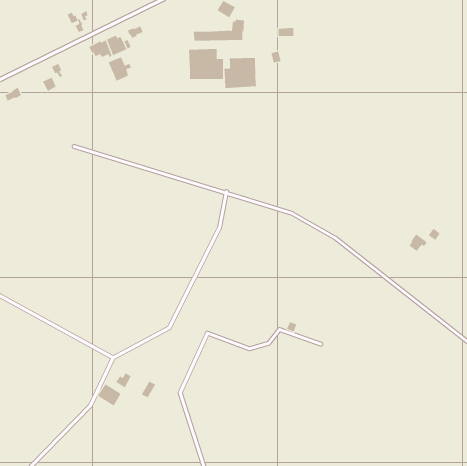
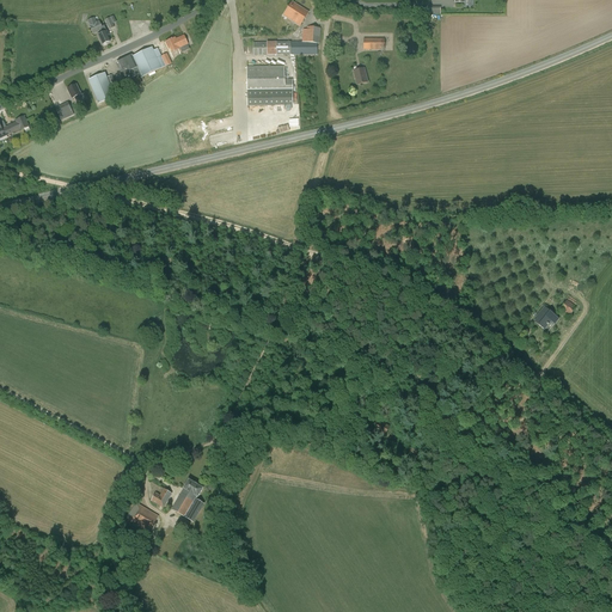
building: [108,57,132,81] -> [87,71,118,103]
building: [224,57,256,89] -> none
building: none -> [172,477,203,515]

